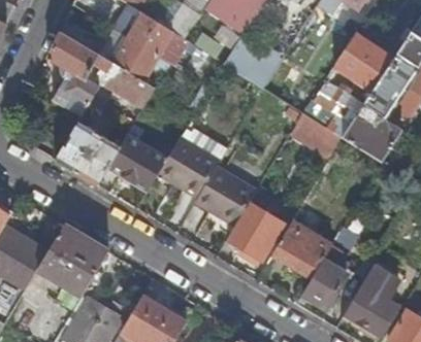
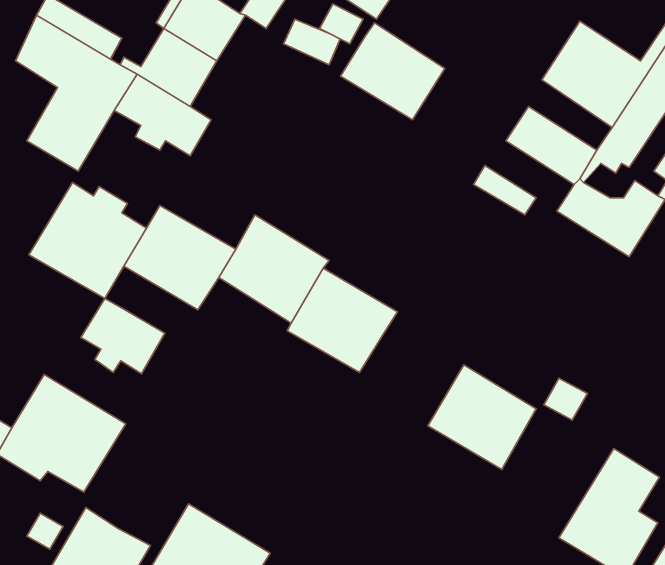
building: none -> [81,298,165,374]
building: [227,203,282,259] -> none
building: [302,244,348,307] -> none

